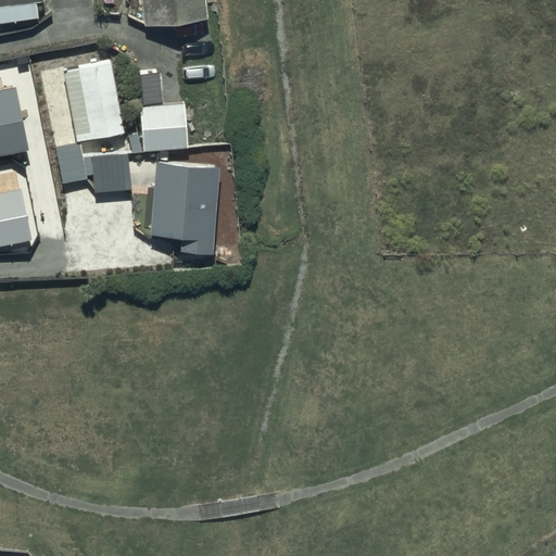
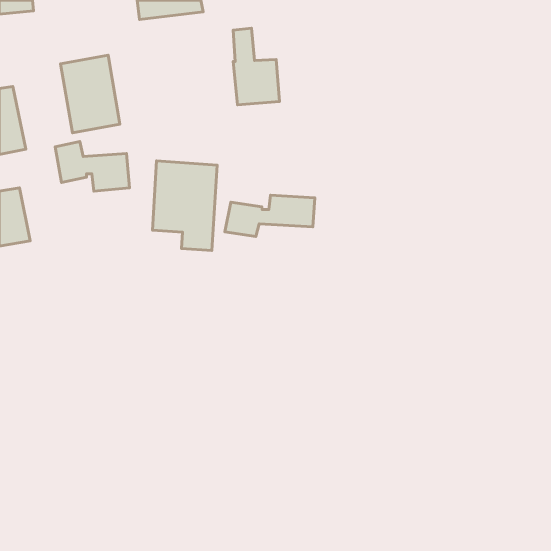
building: [139,75,186,152] -> [233,28,279,105]
building: none -> [225,195,315,236]

